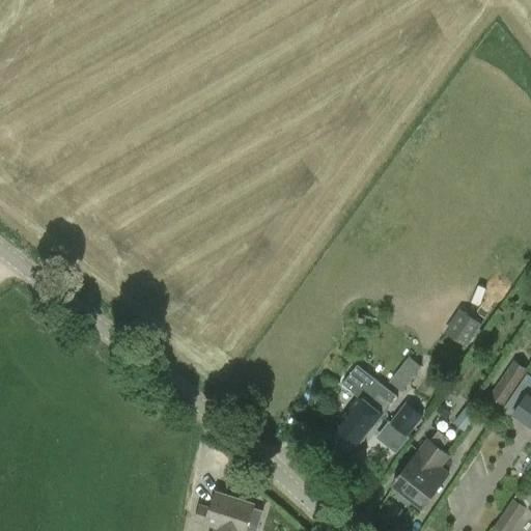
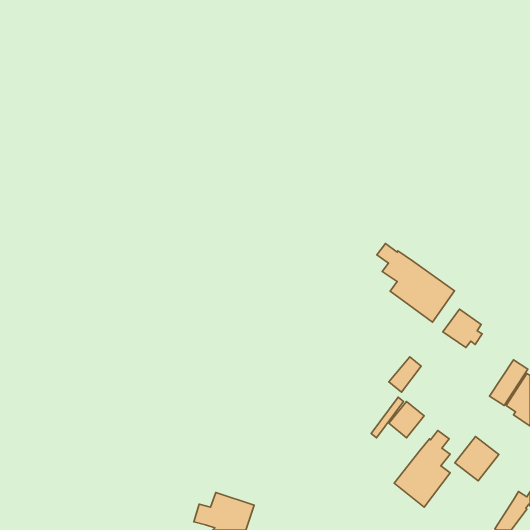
building: none -> [377,244,454,322]
building: [330,365,396,452] -> none
building: none -> [455,436,499,481]

